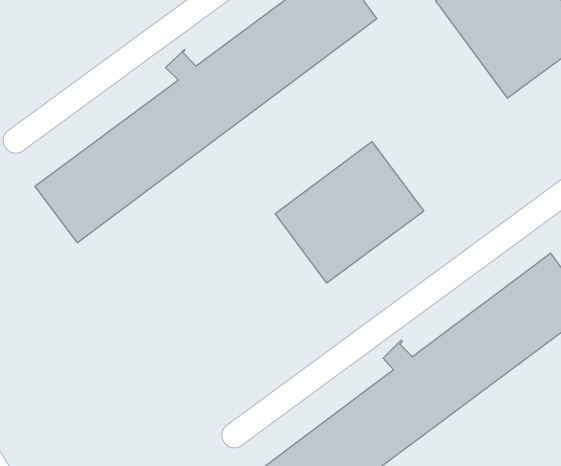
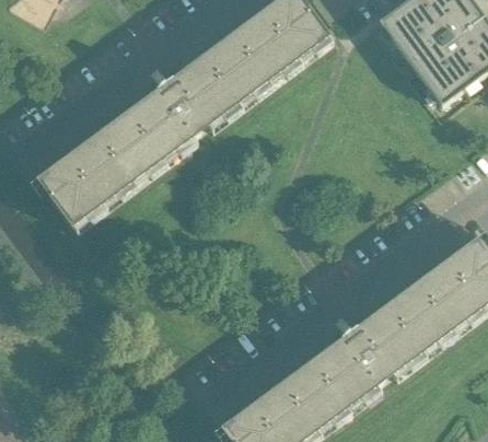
building: [275,142,424,283] -> none

